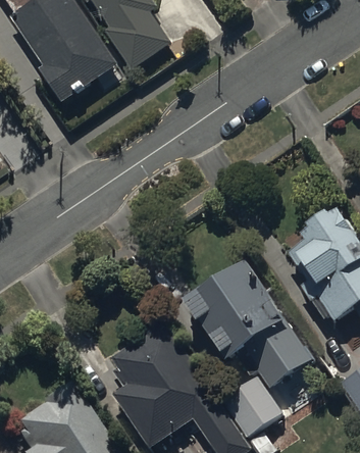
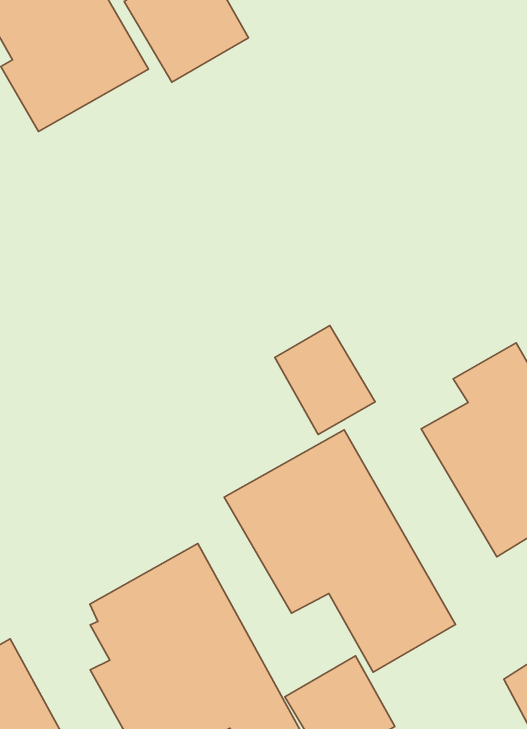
building: none -> [275,325,375,435]

